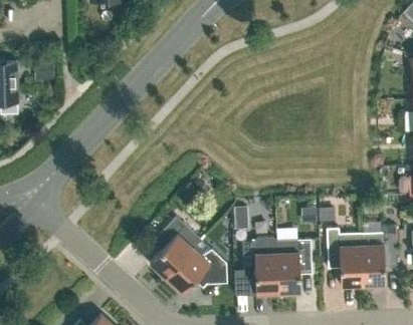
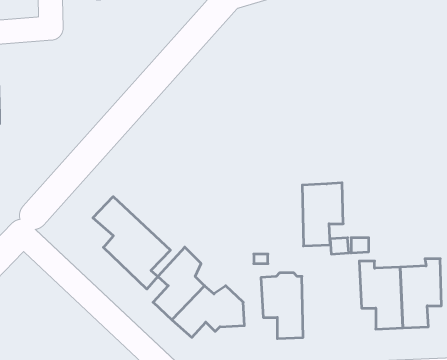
building: none -> [93,197,170,289]
building: [276,239,312,293] -> [302,183,343,246]

